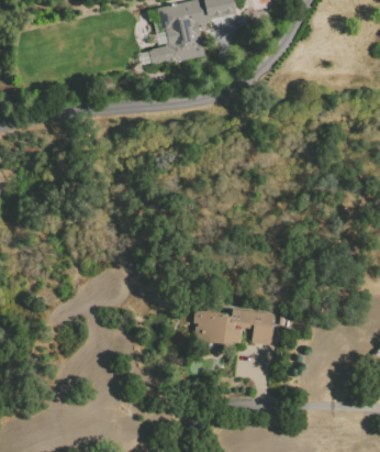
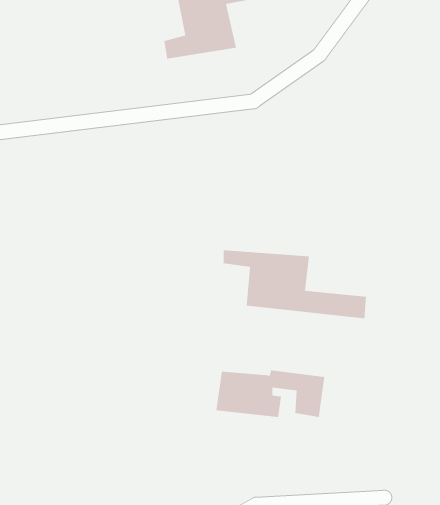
building: none -> [223,250,366,319]

